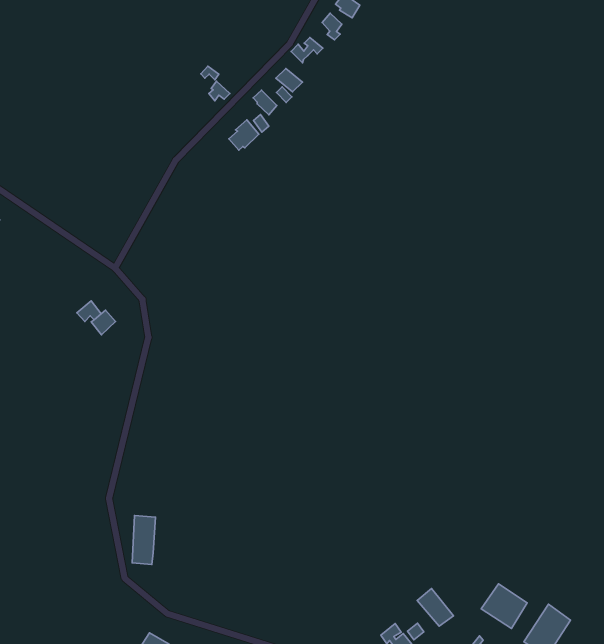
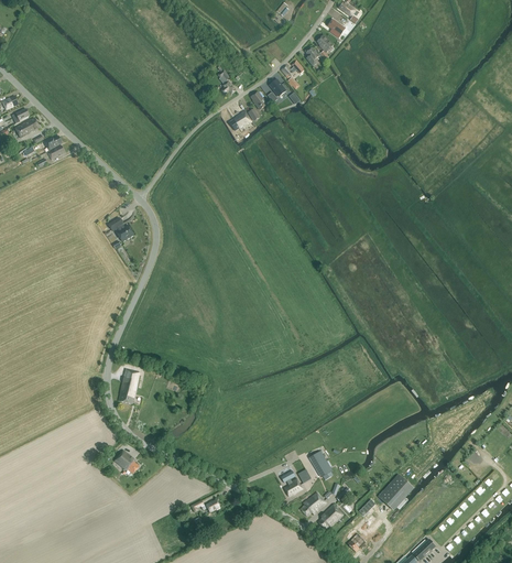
building: [481,584,527,629] -> none

